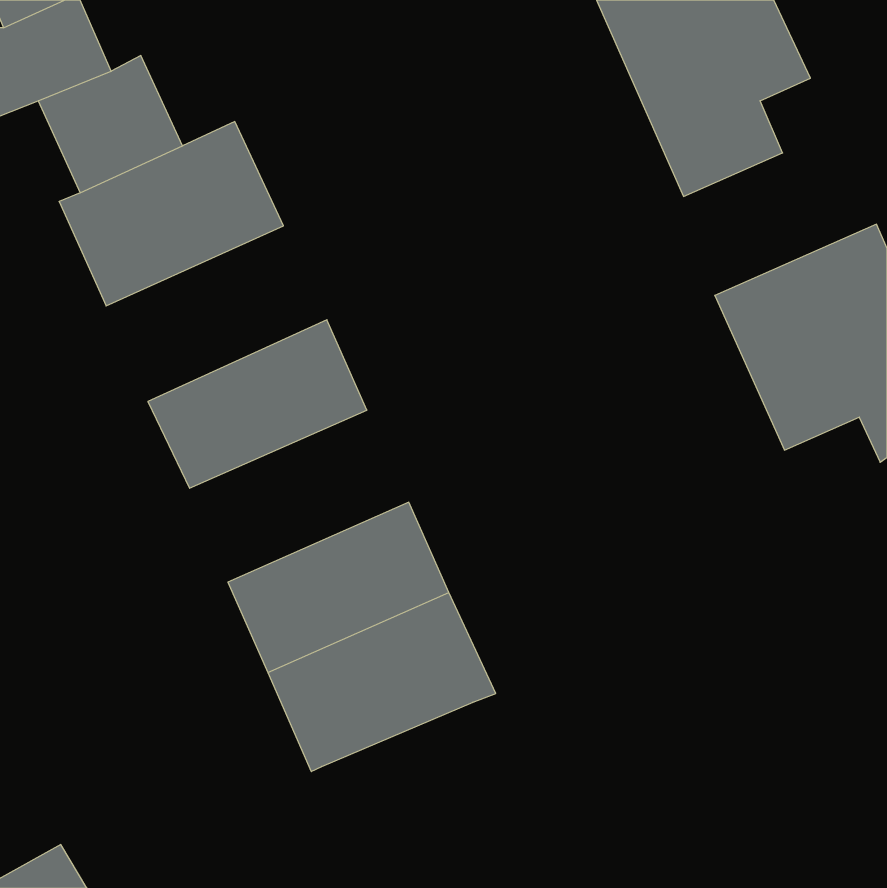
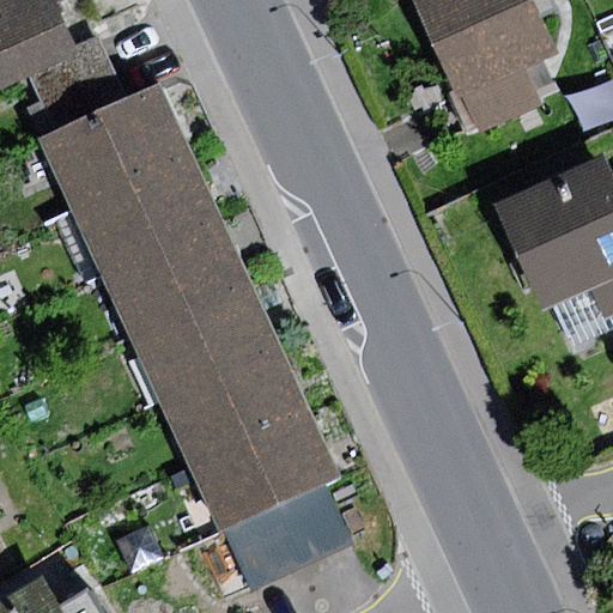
building: none -> [73,156,225,277]
building: none -> [131,283,281,401]
building: none -> [221,484,351,588]

